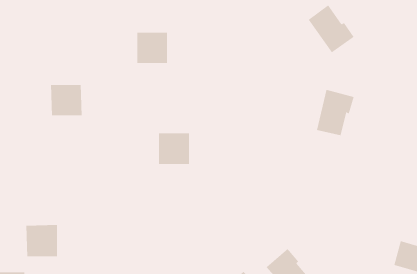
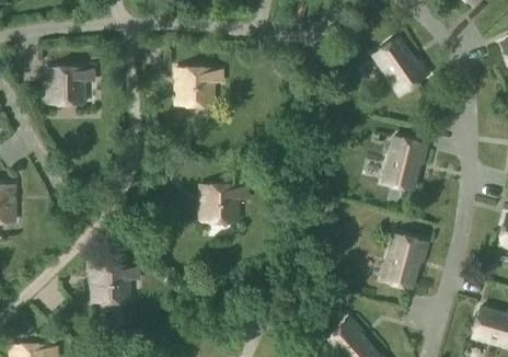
building: [50,85,83,116] -> [48,67,85,103]
building: none -> [383,233,428,287]
building: [26,225,58,257] -> [93,265,130,302]

